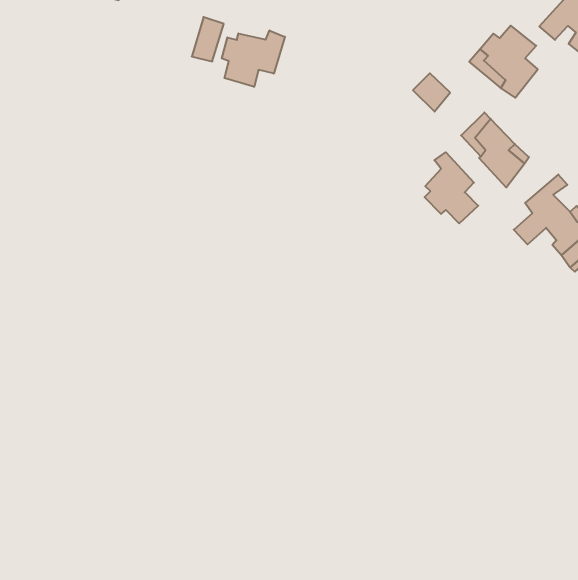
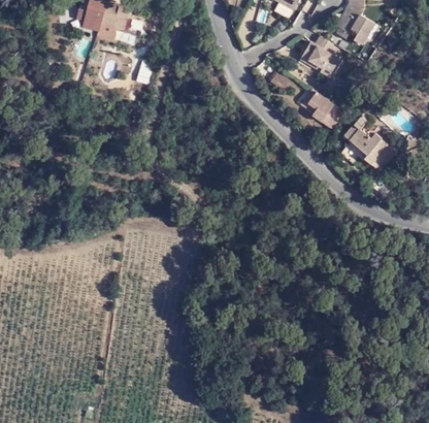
building: [222,30,285,87] -> none
building: [425,152,478,223] -> none

